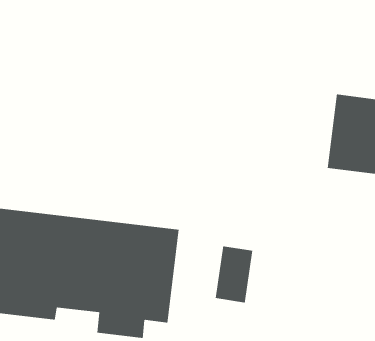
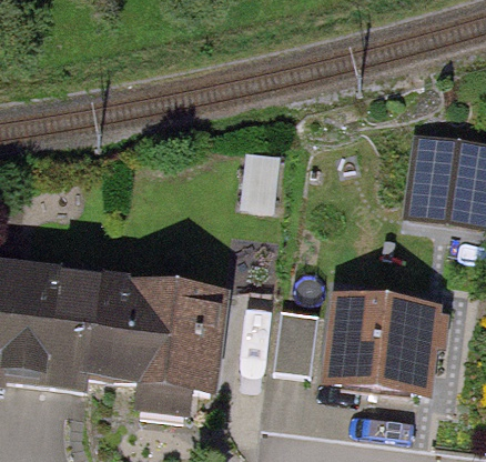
building: none -> [316,289,448,395]

